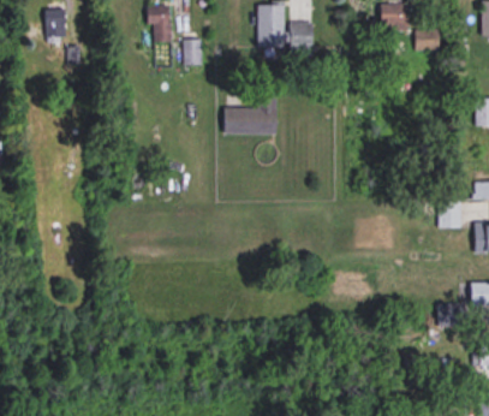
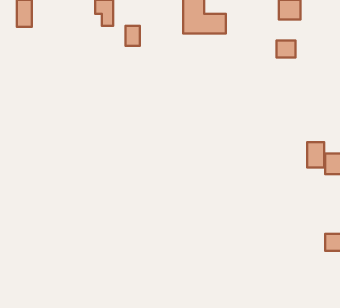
building: [416,29,440,50] -> [276,40,295,57]
building: [225,89,278,135] -> none
building: none -> [307,142,324,167]

